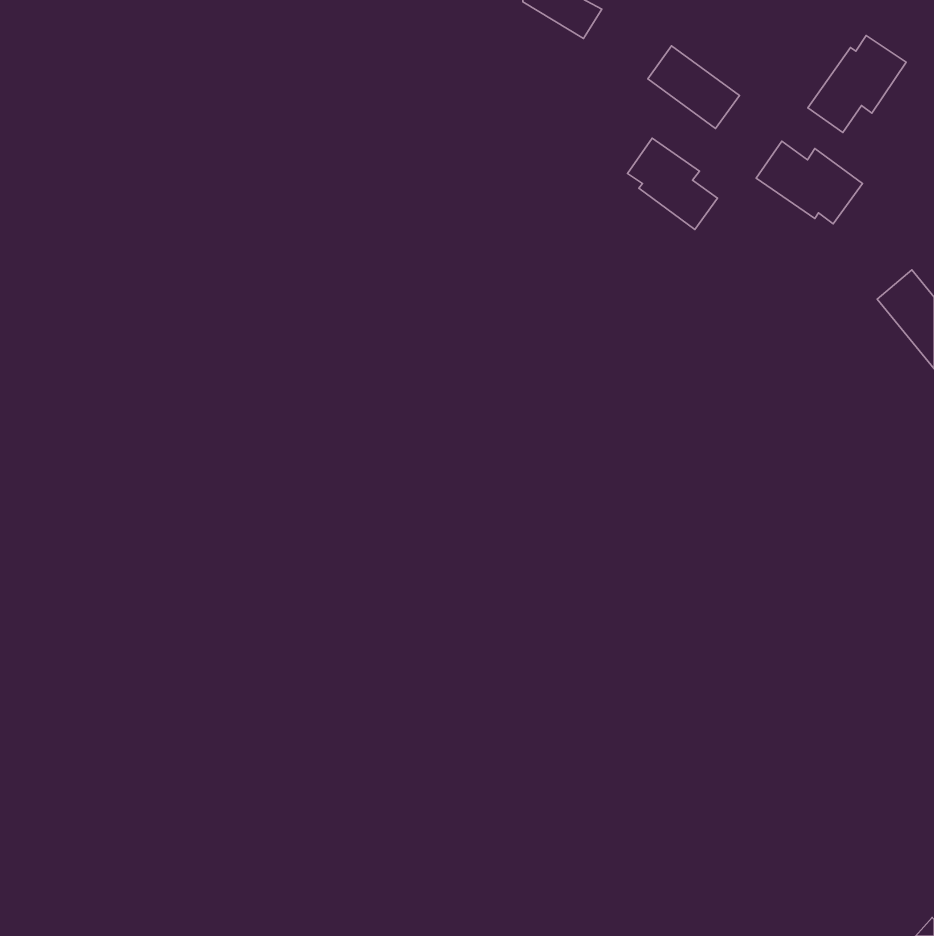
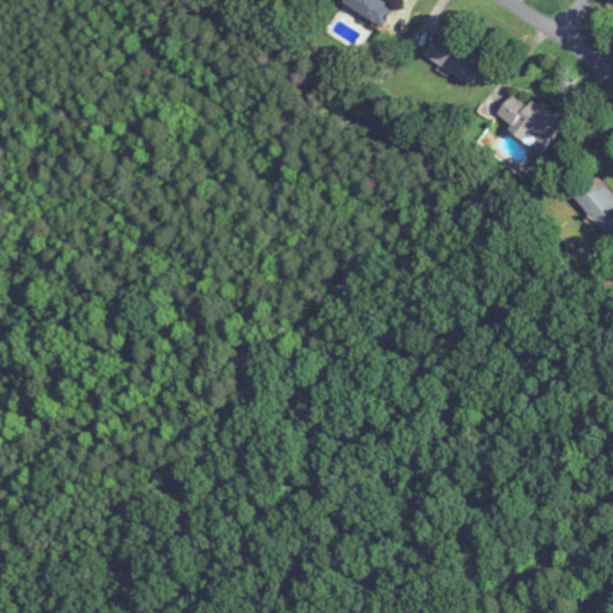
building: [808,35,906,133] -> none
building: [628,138,718,229] -> none

